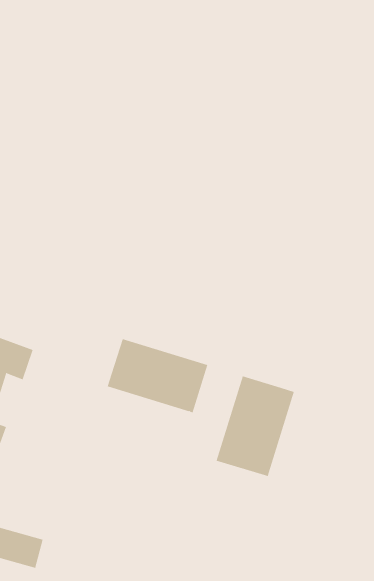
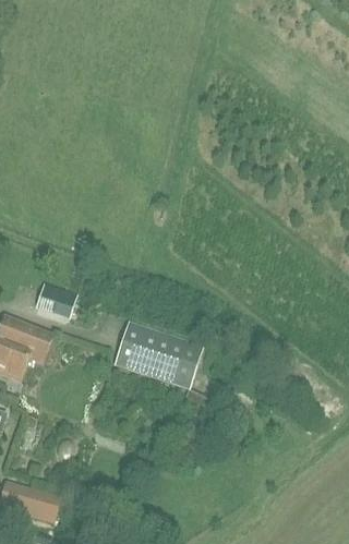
building: none -> [37,285,75,313]
building: [216,376,295,477] -> none

